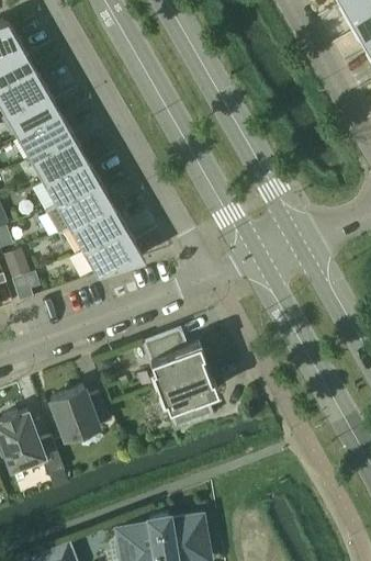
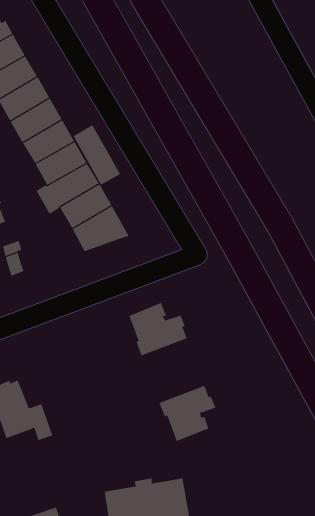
building: none -> [73,124,120,186]
building: [156,368,217,428] -> [158,385,216,442]
building: [50,386,110,438] -> none

